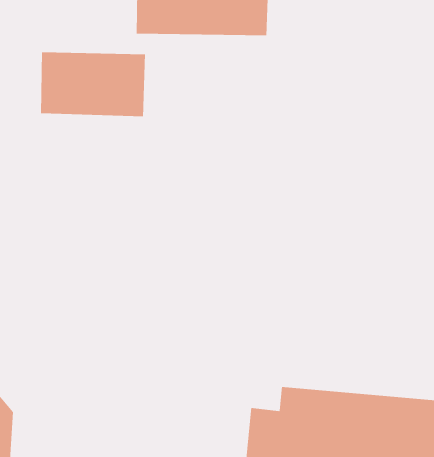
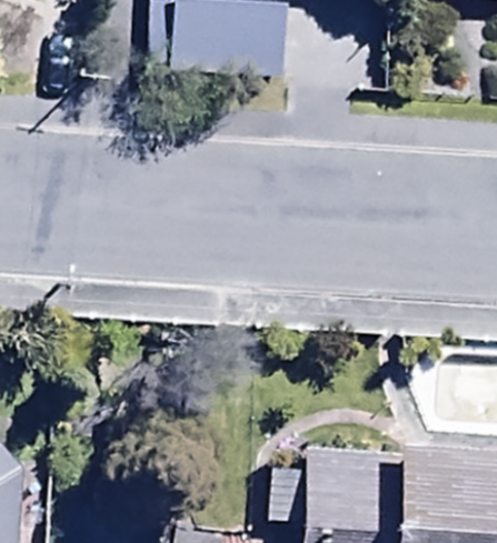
building: [41,51,145,117] -> none

